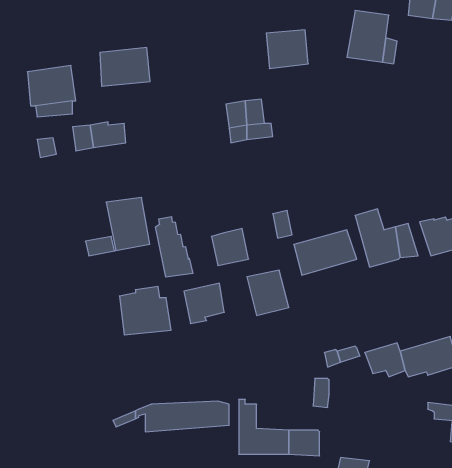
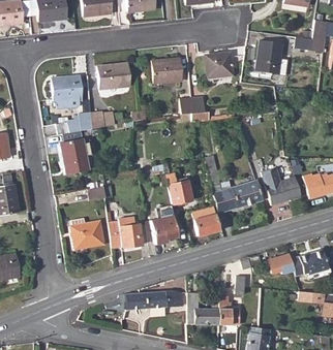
building: none -> [149,59,180,84]
building: [106,197,150,251] -> [60,139,88,173]
building: [155,217,193,277] -> none
building: none -> [73,217,105,247]

